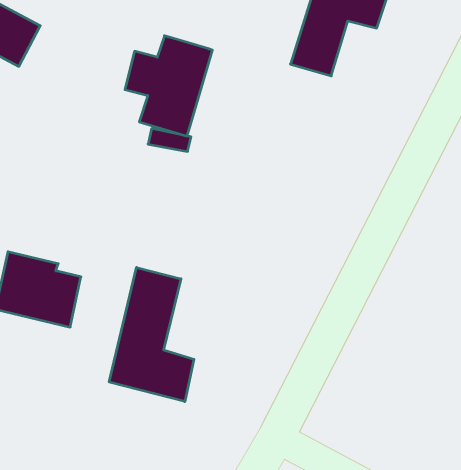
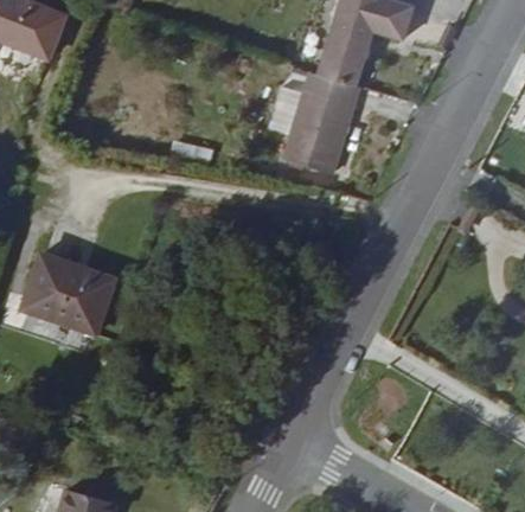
building: [125,36,212,136] -> [273,71,359,171]
building: [109,267,194,402] -> none

